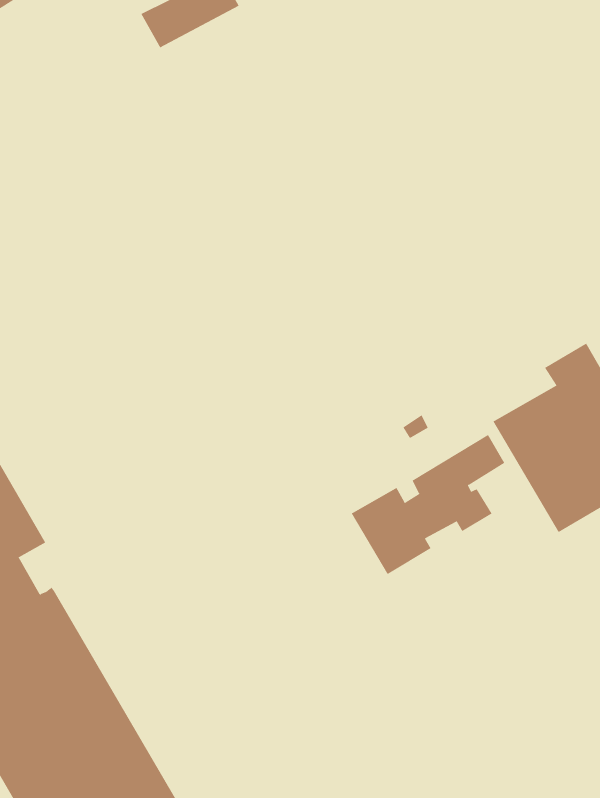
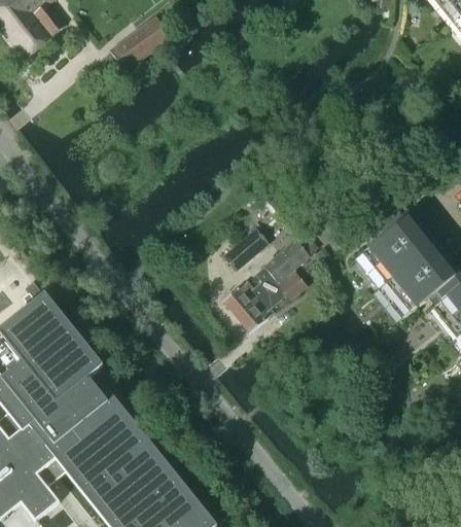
building: none -> [225,229,268,268]
building: [351,434,505,575] -> [222,240,309,331]

